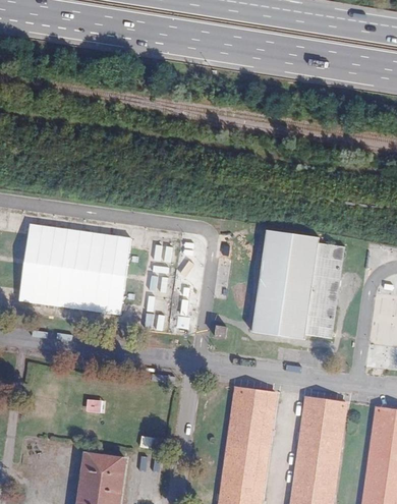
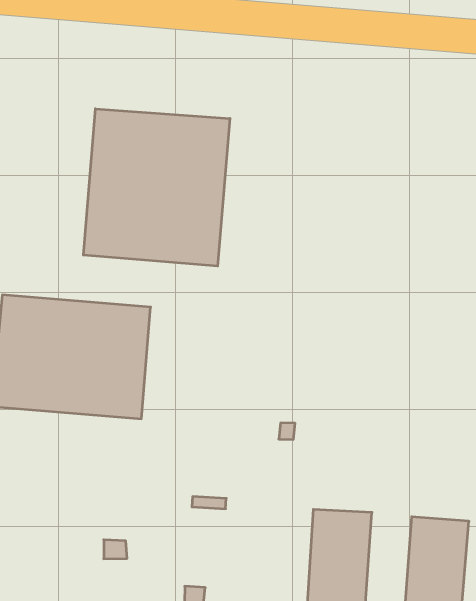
building: none -> [83,109,230,266]
building: [251,230,344,340] -> none

